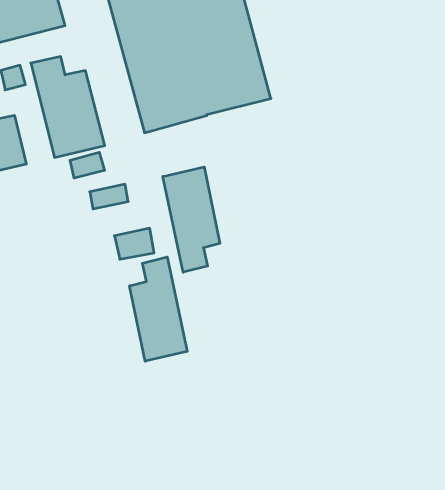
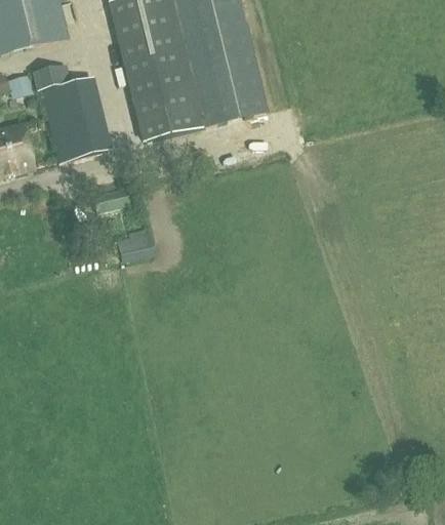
building: [70,152,105,178] -> none
building: [163,167,220,272] -> none
building: [130,257,187,361] -> none

